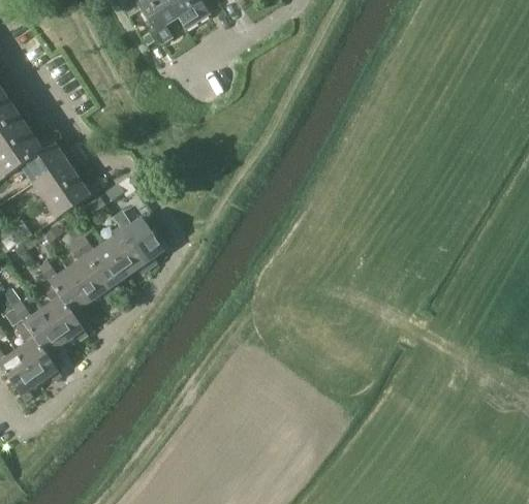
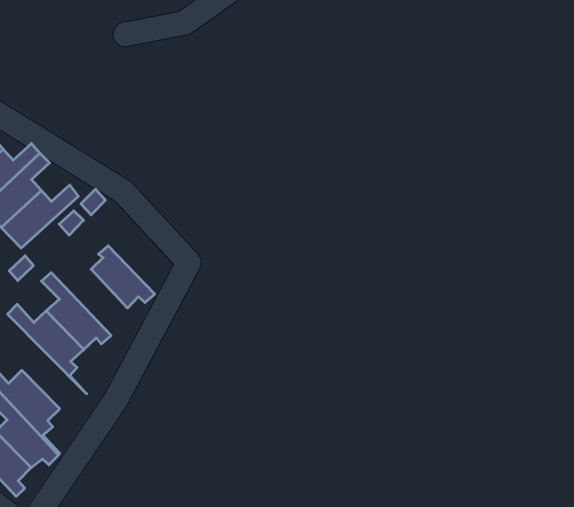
building: [120,215,163,266] -> none
building: [74,233,127,292] -> none
building: [37,264,87,341] -> none

